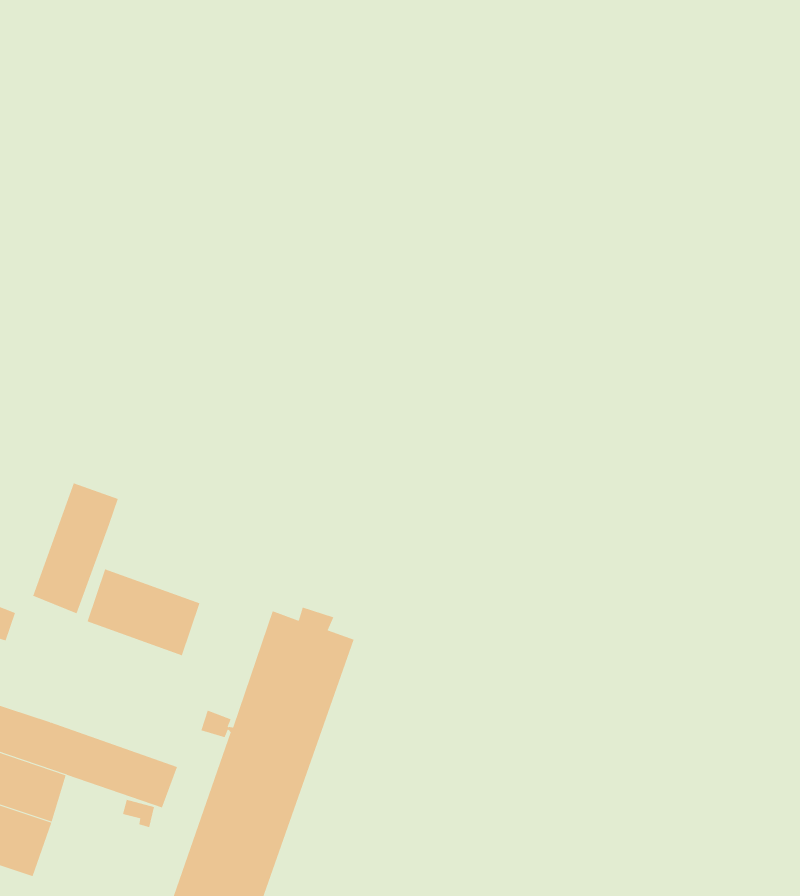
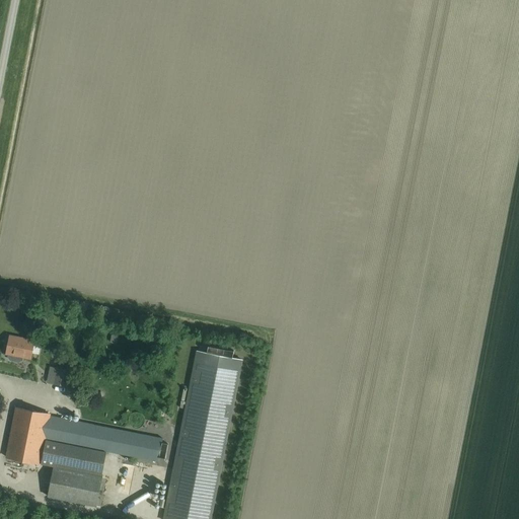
building: [33,482,119,614] -> none
building: [87,569,200,656] -> none

